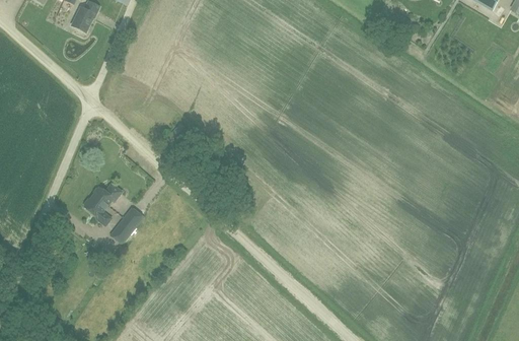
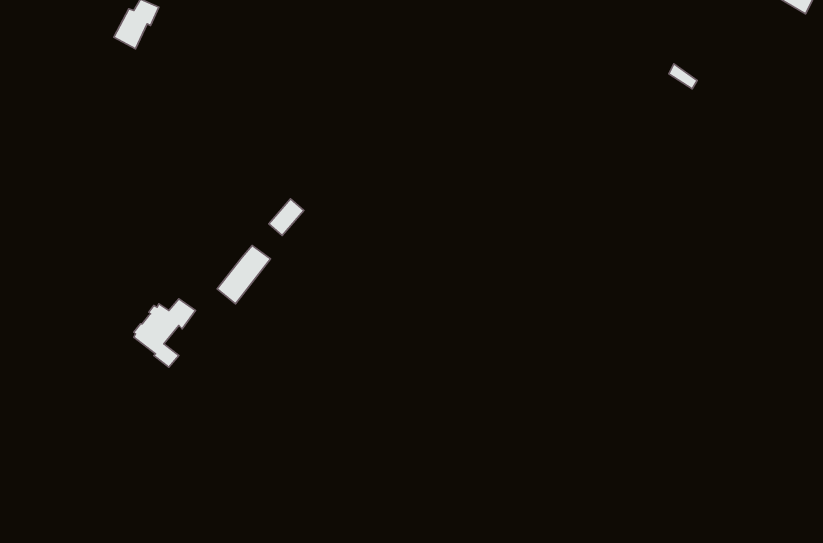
building: [110,207,143,243] -> [217,246,270,304]

